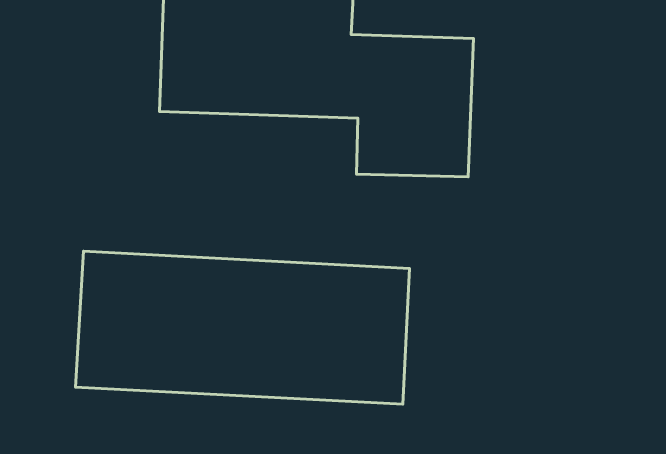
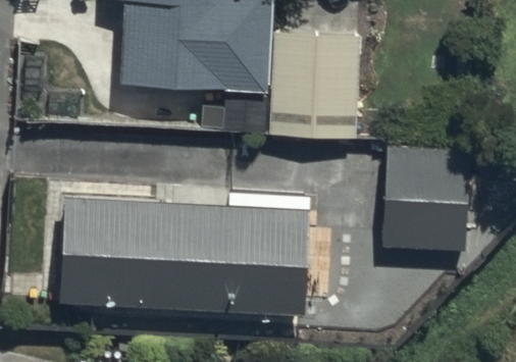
building: none -> [378,141,471,254]

